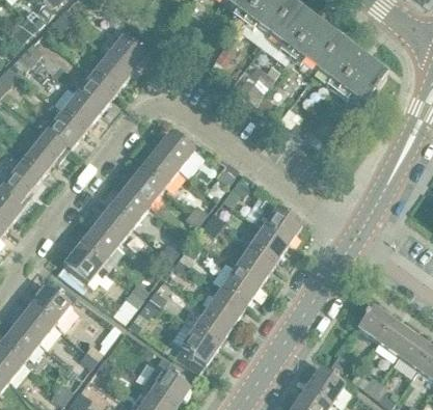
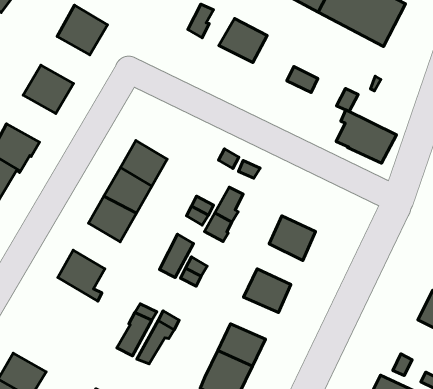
building: [88,56,129,95] -> none
building: [54,99,94,138] -> none
building: [155,129,195,167] -> none
building: [253,196,302,243] -> [336,110,397,163]
building: [91,209,130,247] -> none
building: [236,247,273,282] -> none
building: [60,248,105,289] -> none
building: [31,277,77,322] -> none
building: [208,286,247,323] -> none

